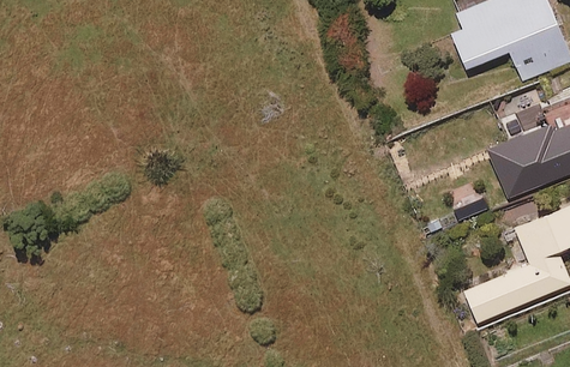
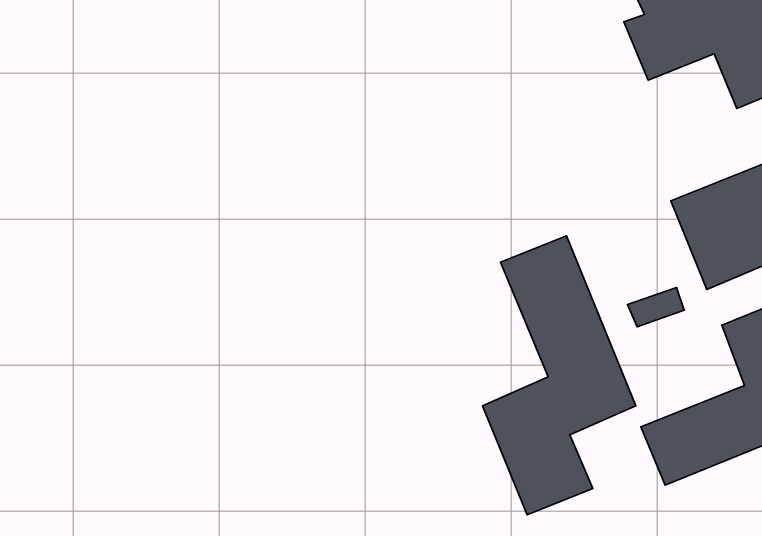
building: none -> [482,236,636,515]

